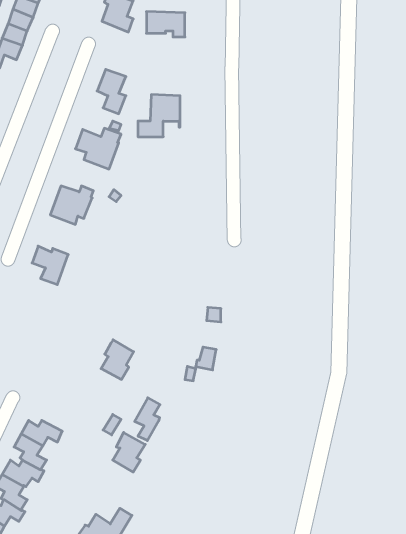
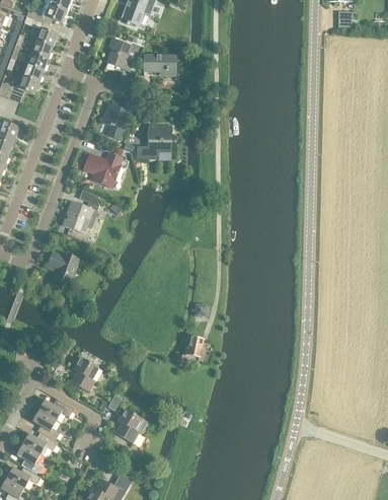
building: [101,340,134,379] -> [70,357,97,390]
building: [135,398,160,441] -> none

